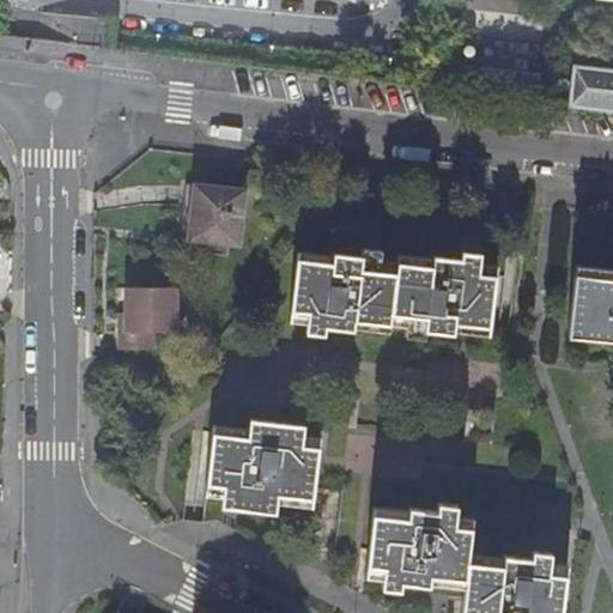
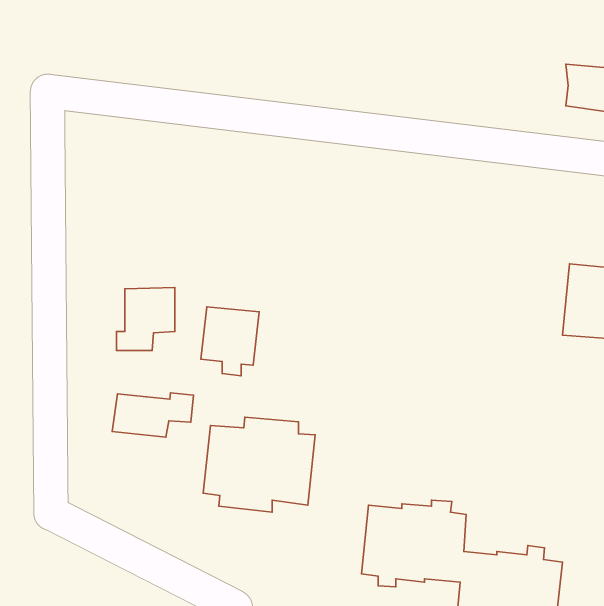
building: [182,184,241,254] -> [201,307,259,376]
building: [287,249,497,341] -> none
building: none -> [112,393,194,437]

